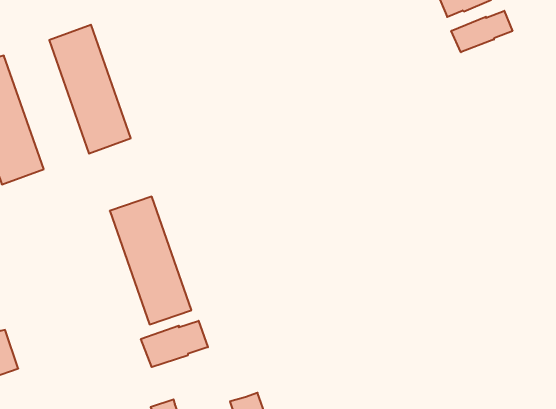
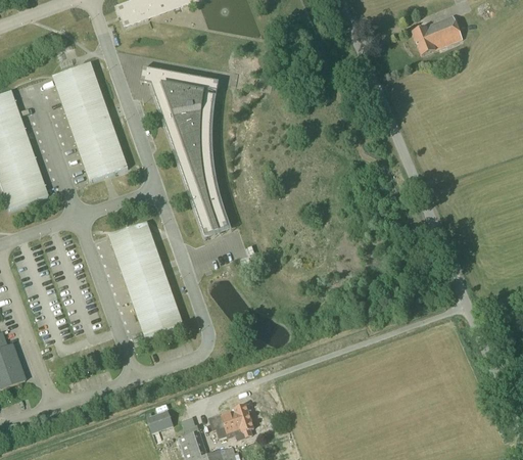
building: [451,11,512,52] -> none
building: none -> [142,67,228,235]
building: [141,321,208,367] -> none

